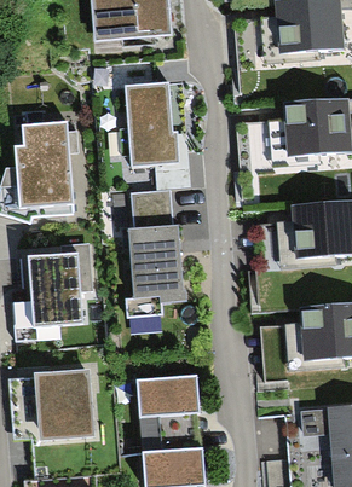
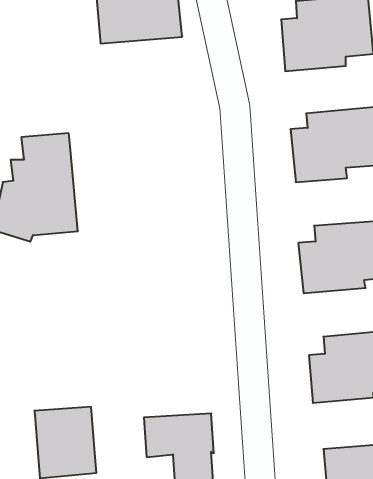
building: [123,82,178,168] -> none
building: [123,190,185,318] -> none
building: [25,255,82,326] -> none

